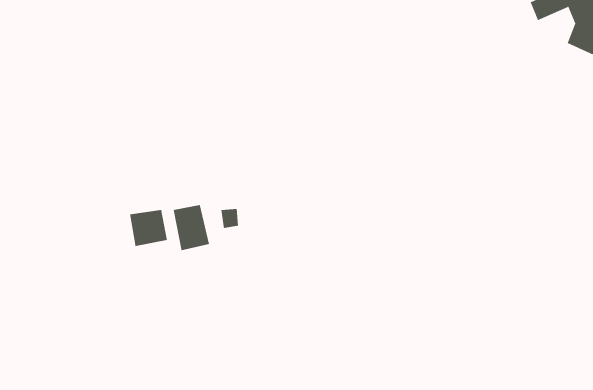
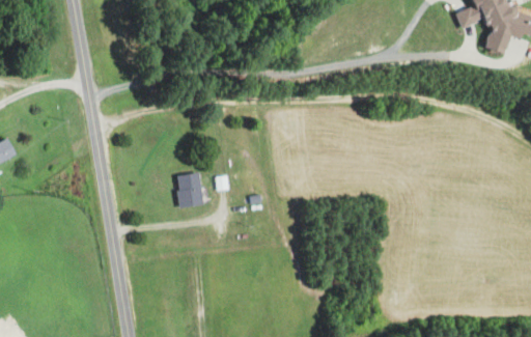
building: [130,209,168,247] -> none

